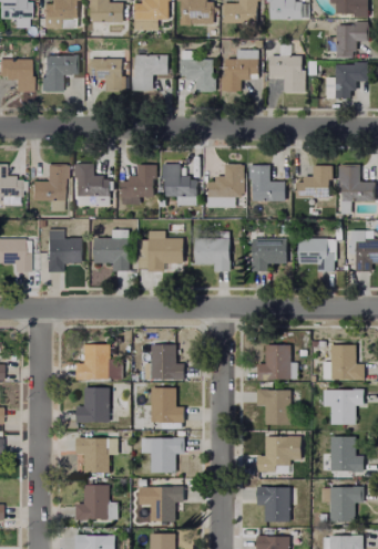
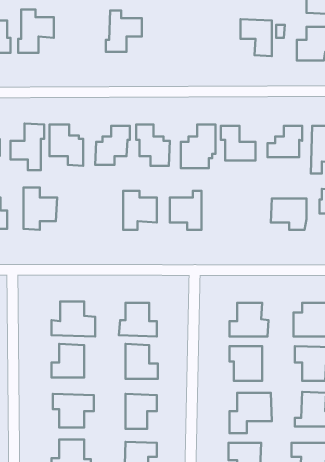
building: [222,49,257,91] -> none
building: [181,50,213,92] -> none
building: [89,59,123,91] -> none
building: [94,229,129,270] -> none
building: [253,238,286,270] -> none

